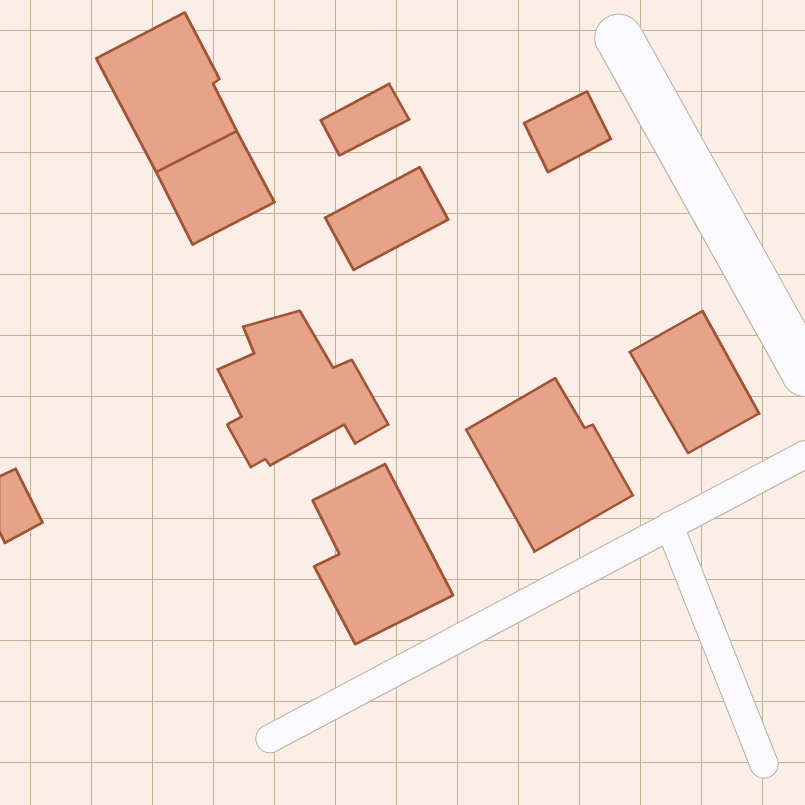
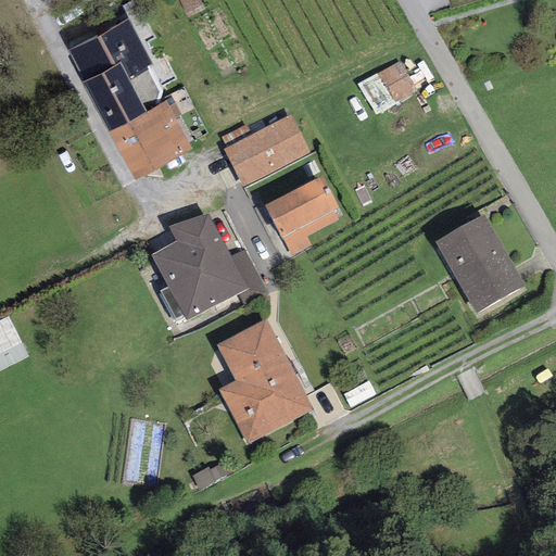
building: [321,84,409,155] -> none
building: none -> [264,175,338,254]
building: [466,378,633,552] -> none

